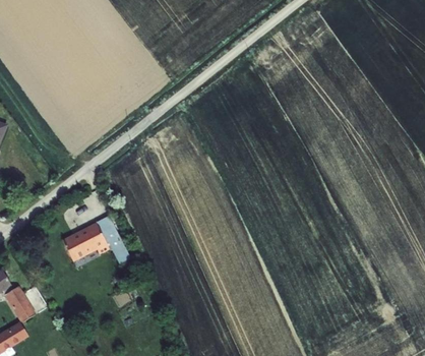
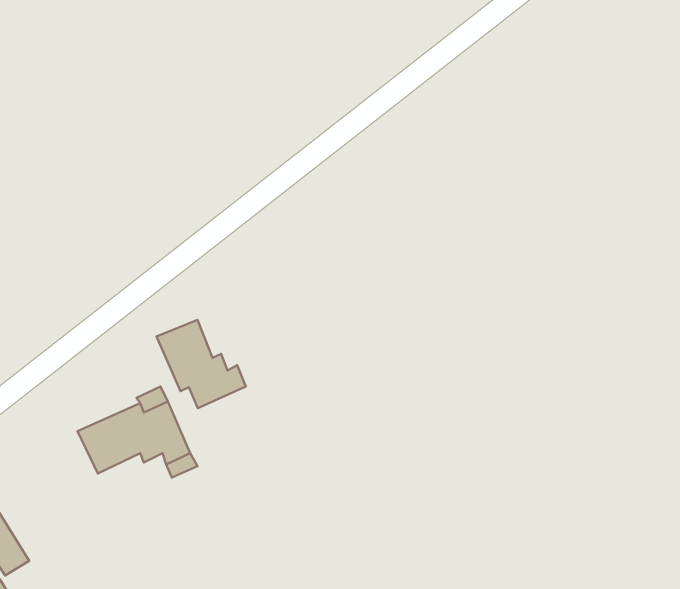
building: none -> [156,320,246,408]

